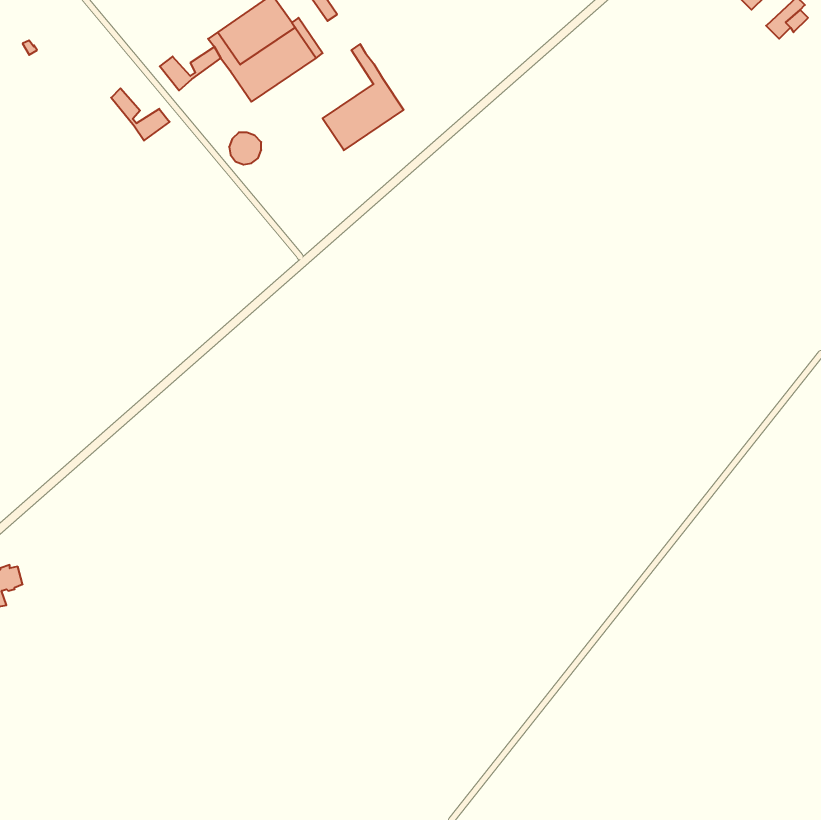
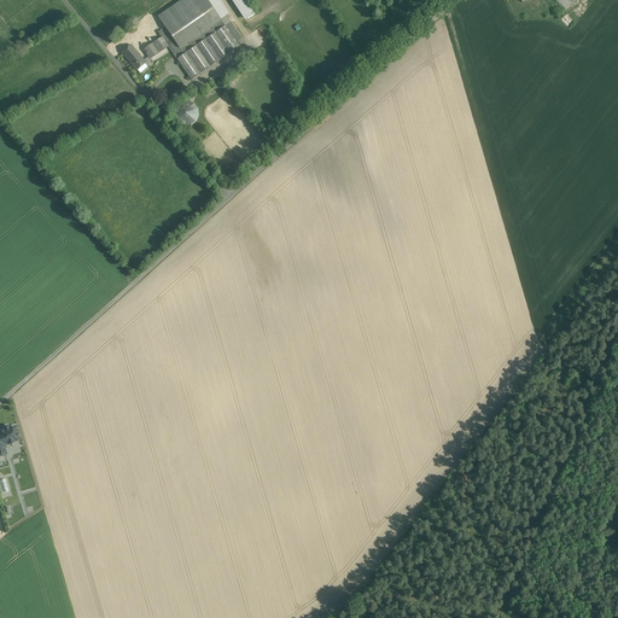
building: [323,44,404,150] -> none
building: [111,88,170,141] -> none

